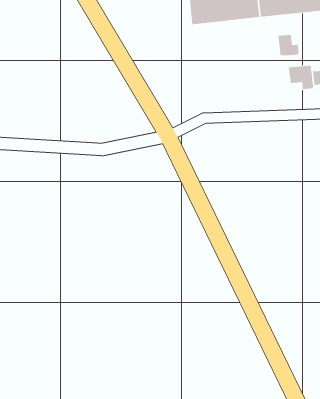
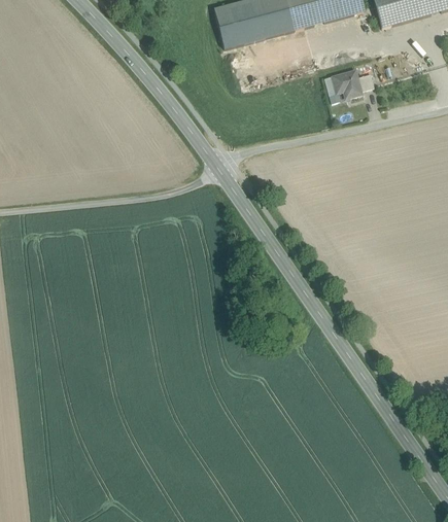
building: [278,34,299,56] -> none

